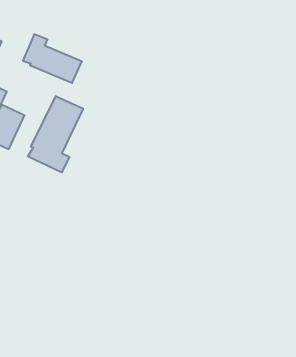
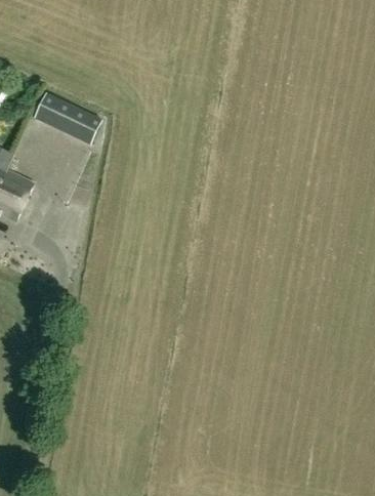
building: [28,96,83,172] -> none

